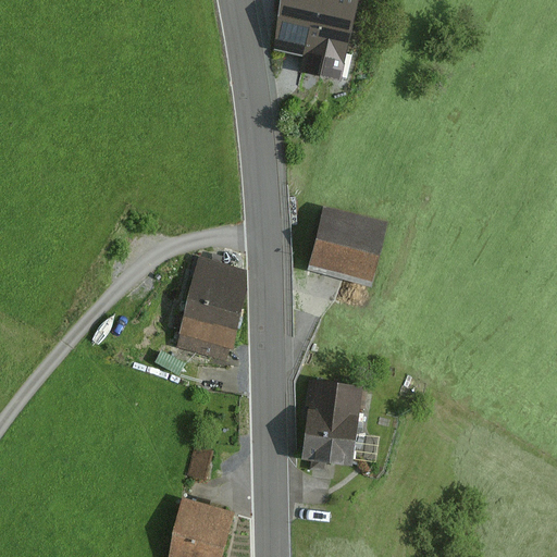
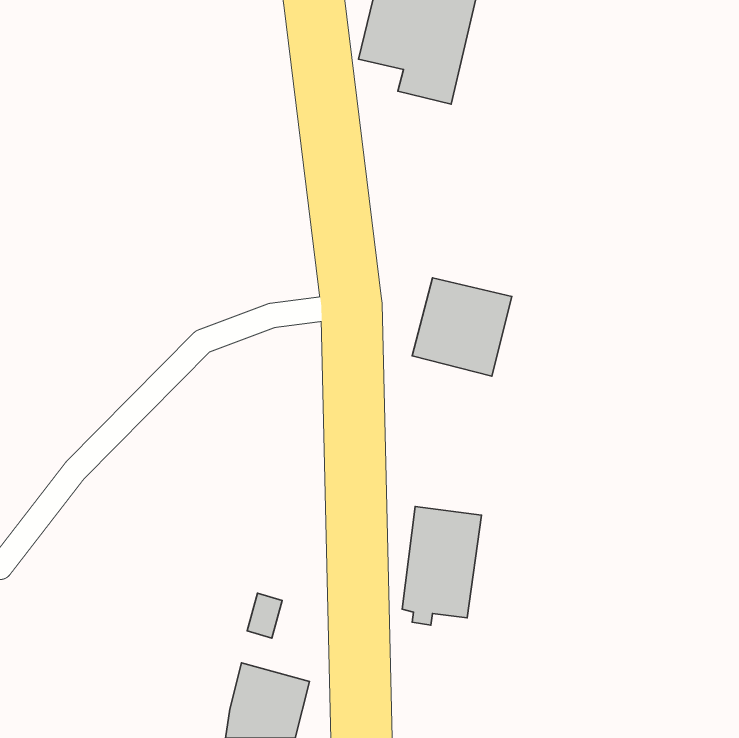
building: [178,256,247,359] -> none

